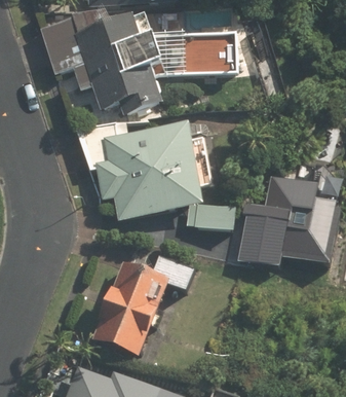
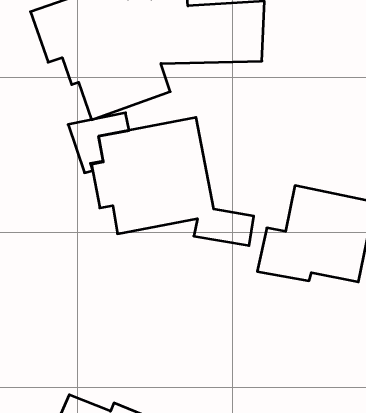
building: [87,245,195,360] -> none

